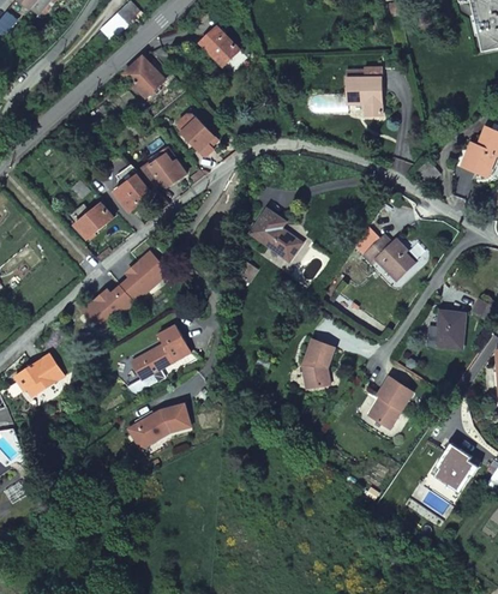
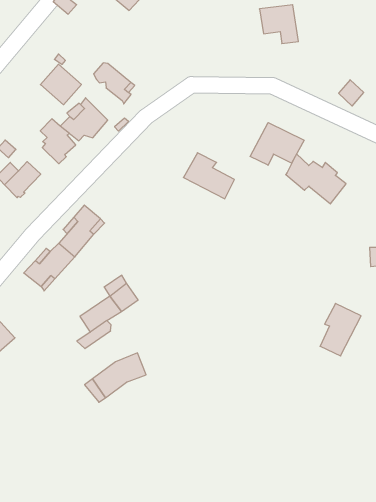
building: [120,54,161,95] -> [40,64,81,105]
building: none -> [250,123,304,165]
building: [302,338,336,389] -> none

